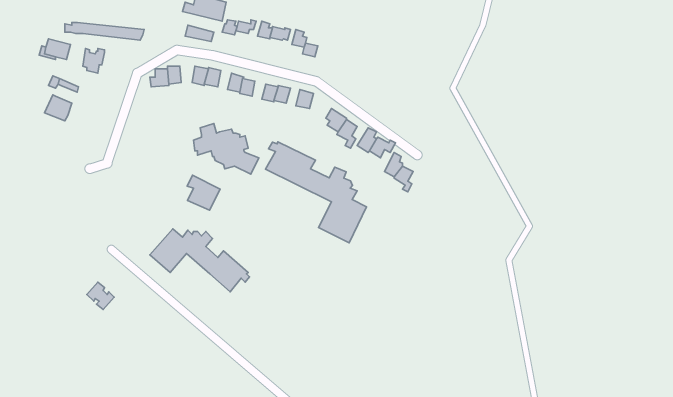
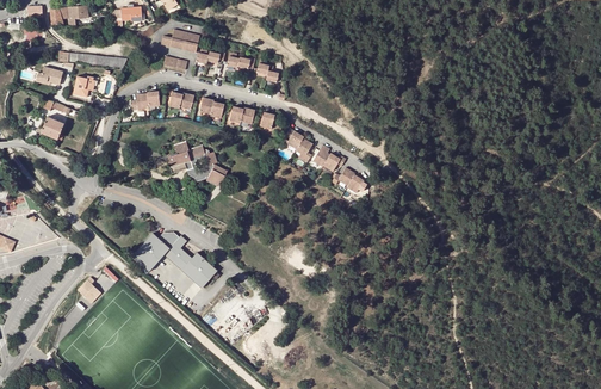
building: [266,142,366,243] -> none
building: [187,175,220,210] -> none

